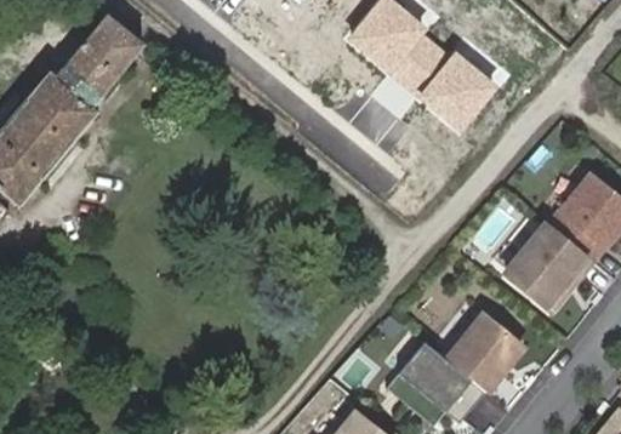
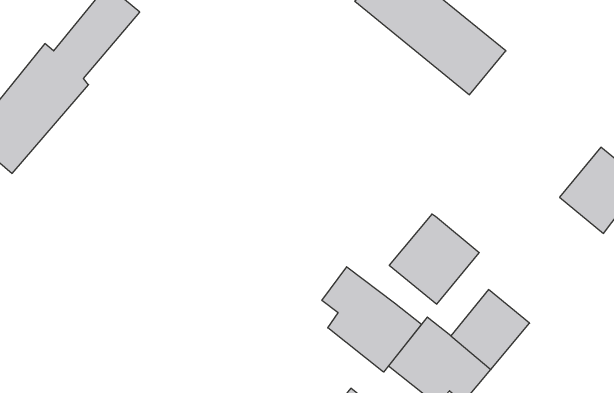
building: [503,224,591,312] -> [389,214,479,304]
building: none -> [322,267,421,372]

